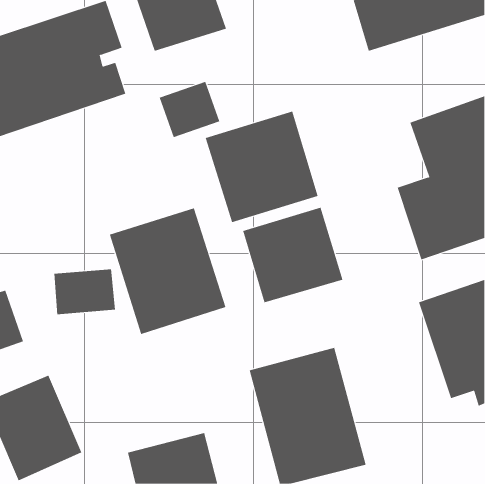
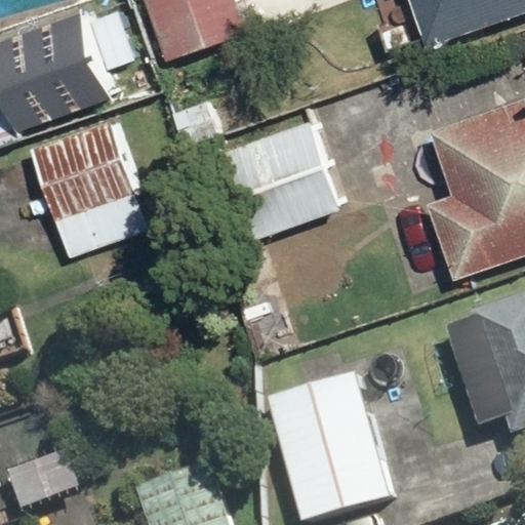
building: none -> [34,124,144,256]
building: [242,207,343,303] -> none
building: [109,207,226,335] -> none

